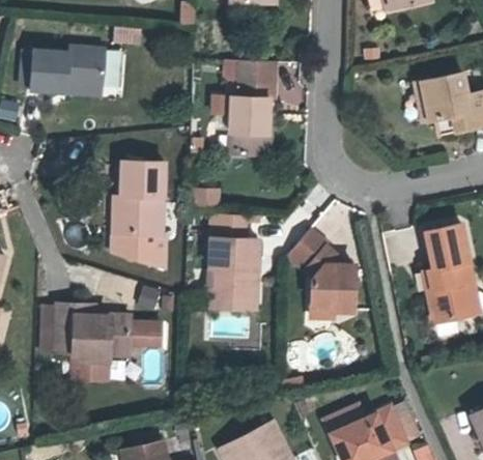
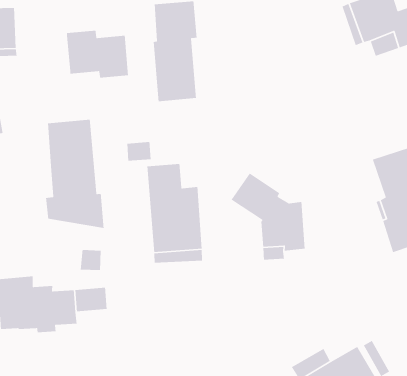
building: none -> [66,30,129,78]
building: [70,354,108,381] -> none

